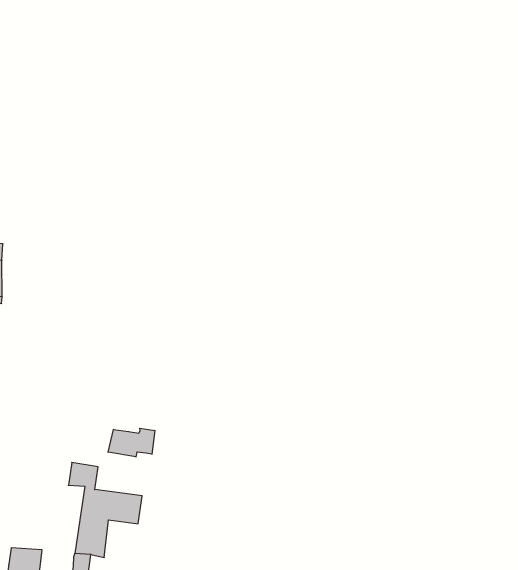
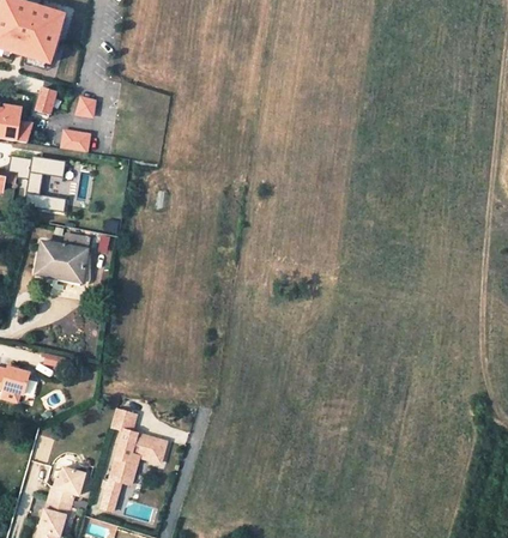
building: [108,428,155,457] -> none

